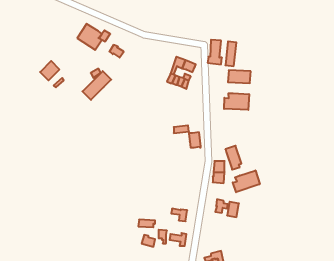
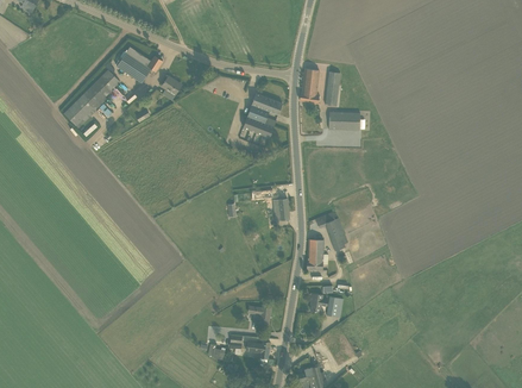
building: [82,71,111,100] -> [78,69,119,109]
building: [224,93,249,110] -> none
building: [233,170,260,192] -> none

